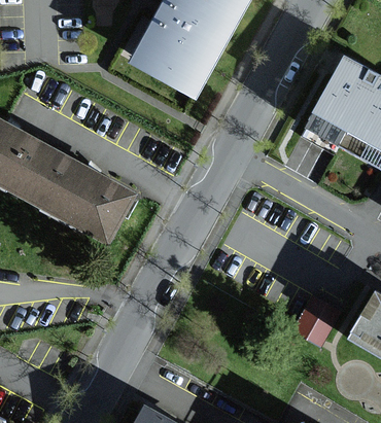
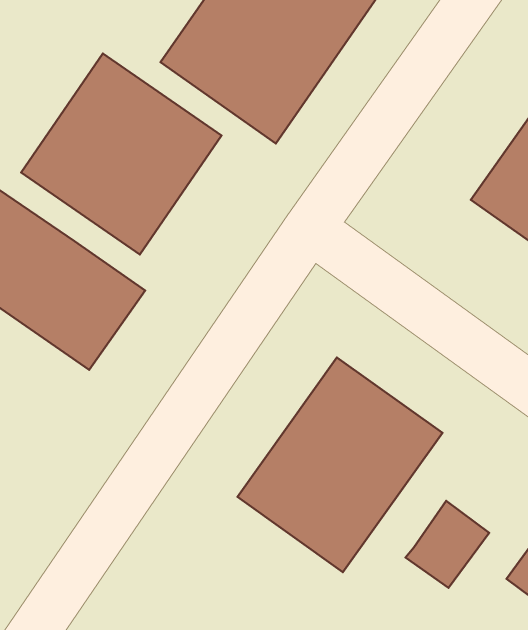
building: none -> [21,54,221,254]
building: none -> [238,357,442,572]

